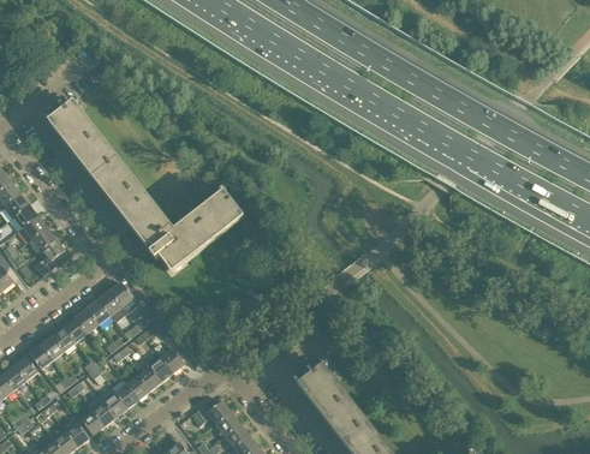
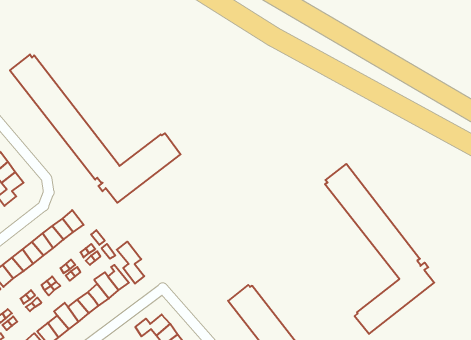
building: none -> [325,164,434,334]
building: none -> [117,242,144,284]

